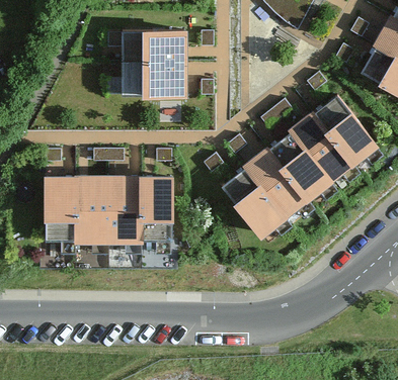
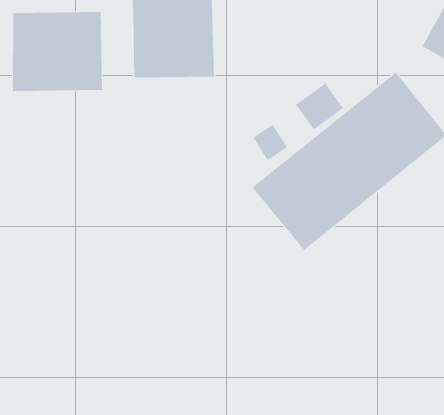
building: none -> [13,11,102,92]
building: [46,174,175,246] -> none

